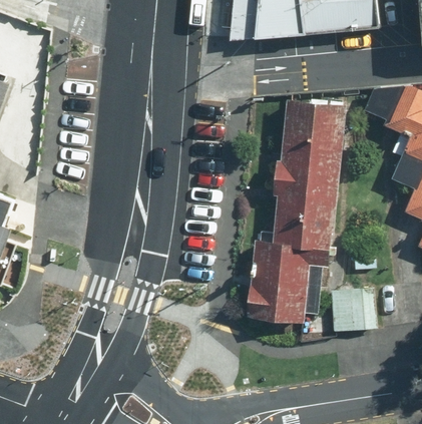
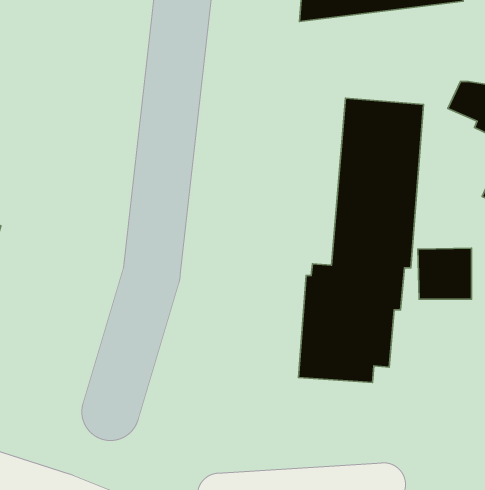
building: [332,291,374,331] -> [418,248,472,299]

